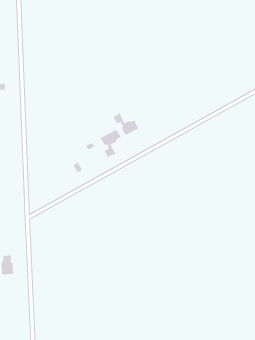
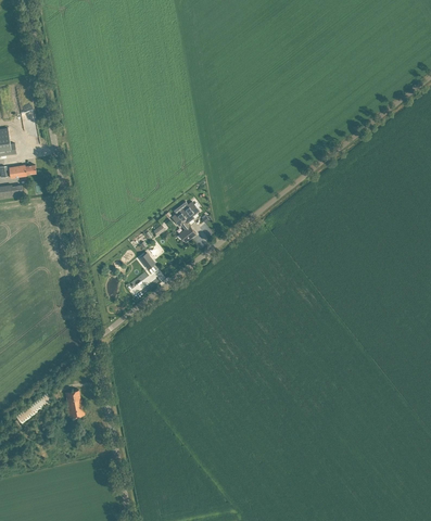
building: [113,113,139,136] -> none

